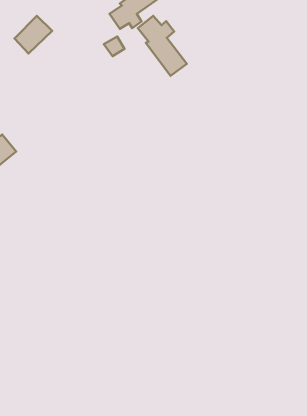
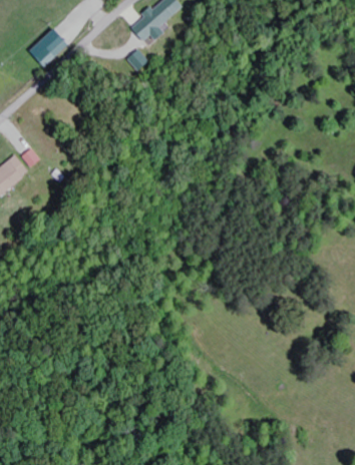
building: [138,16,187,76] -> none

